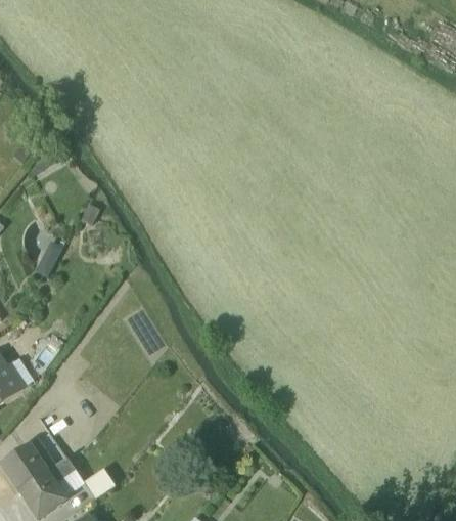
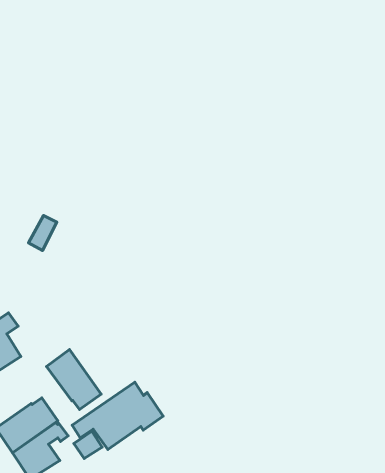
building: none -> [47,350,101,410]
building: none -> [72,382,163,449]

